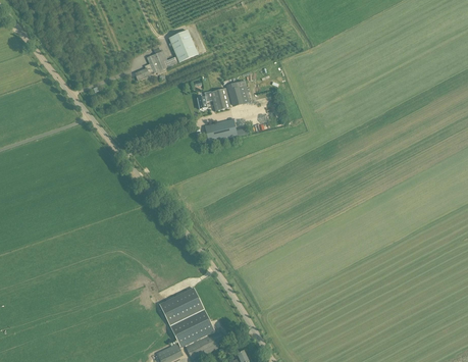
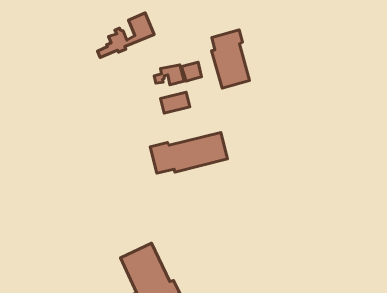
building: none -> [212,30,250,88]
building: none -> [150,132,227,173]

